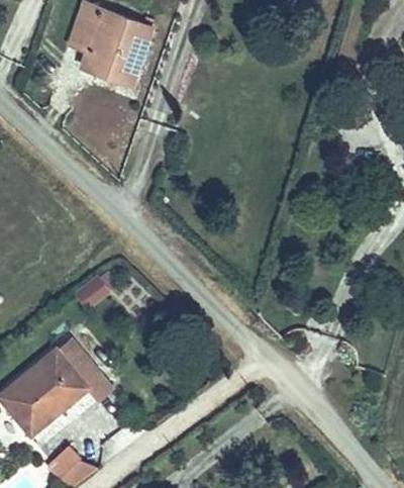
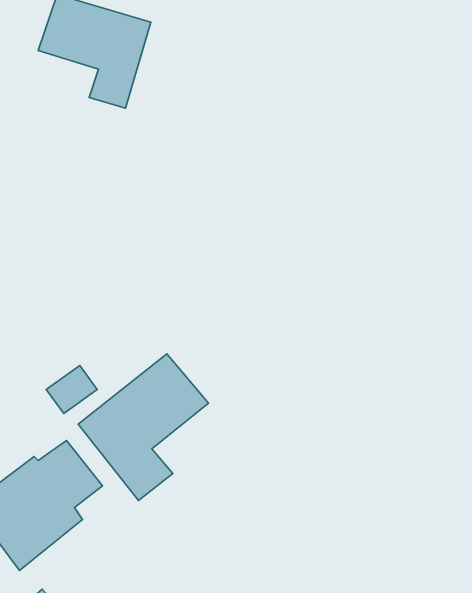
building: none -> [78,354,209,501]

